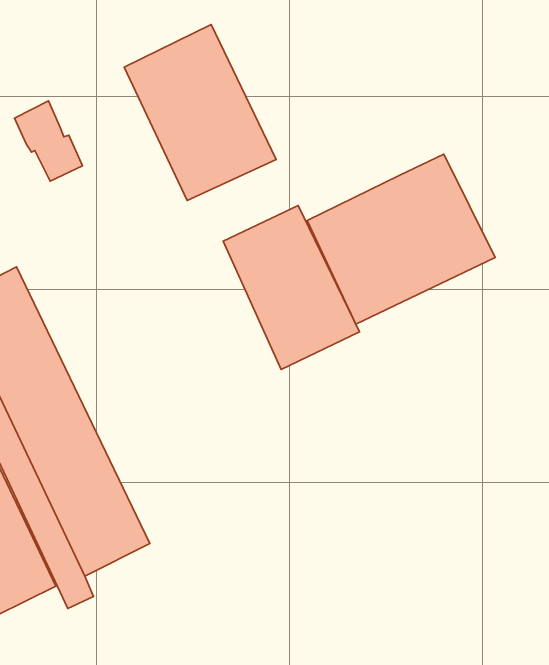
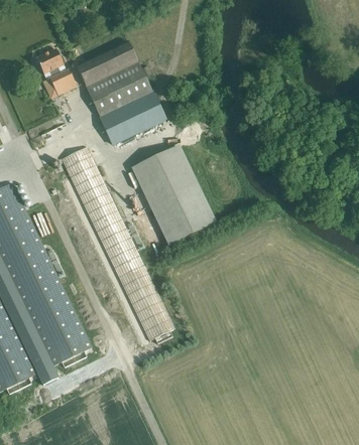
building: [14,101,83,181] -> [36,48,77,96]
building: [307,154,495,324] -> none
building: none -> [62,146,174,343]

